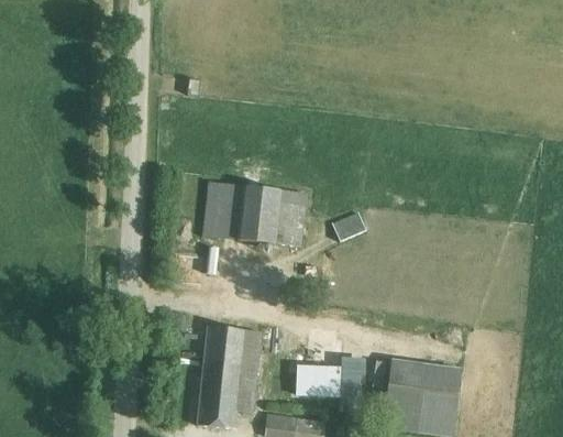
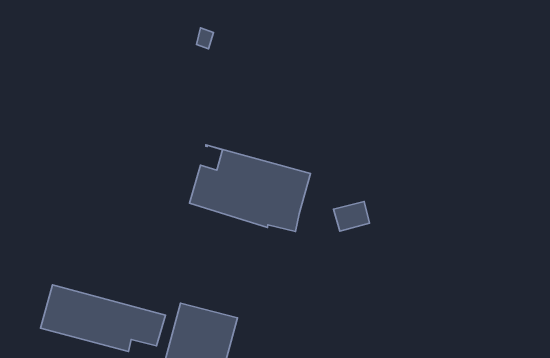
building: none -> [40,285,166,352]

